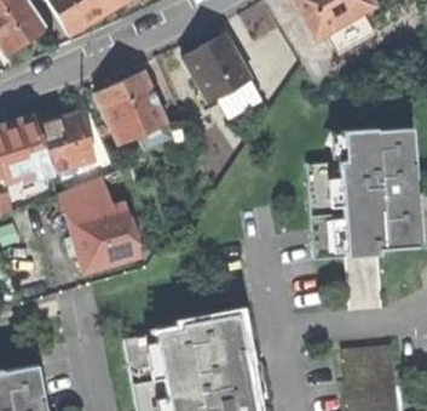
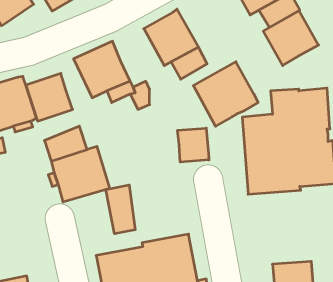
building: none -> [263,11,319,66]
building: none -> [193,62,258,126]
building: none -> [178,128,209,162]
building: none -> [106,185,135,234]

